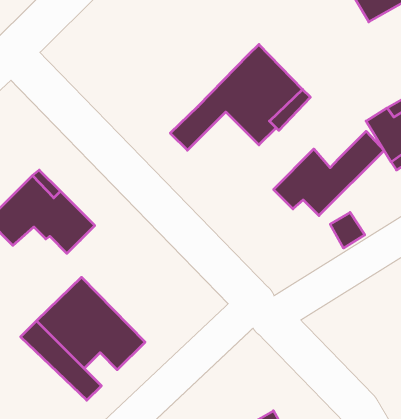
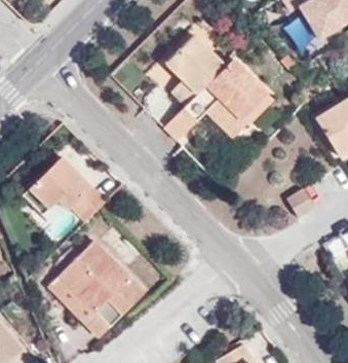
building: none -> [166,34,225,106]
building: [274,131,384,216] -> none

